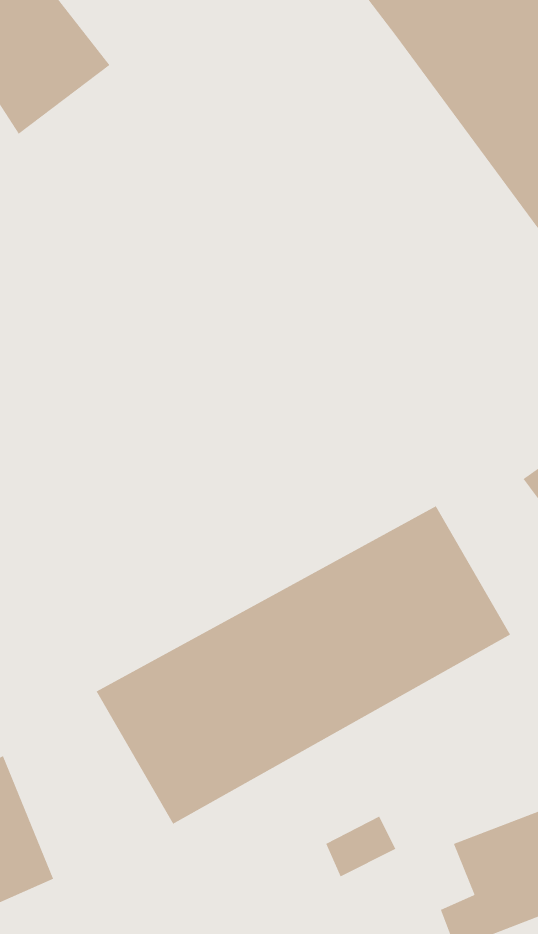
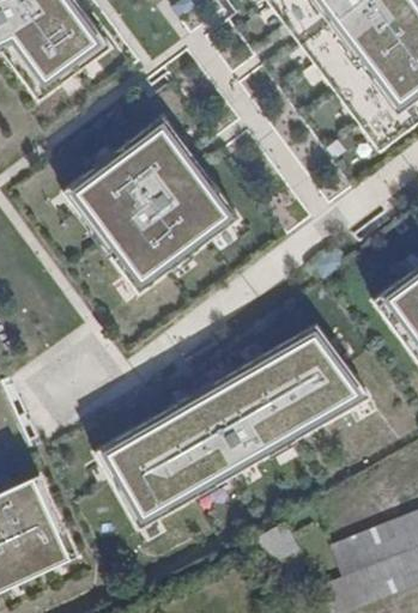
building: none -> [68,115,238,287]

